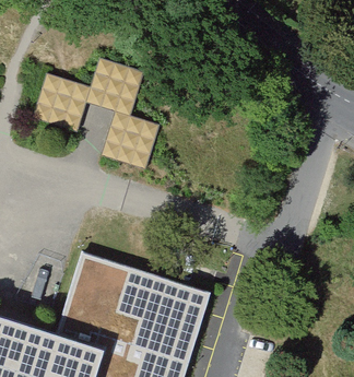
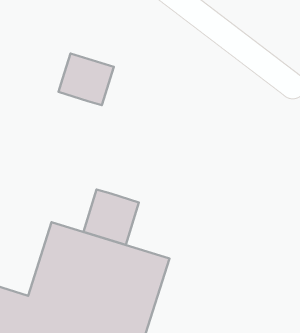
building: [33,76,90,134] -> none
building: [103,115,163,175] -> [83,189,139,245]

